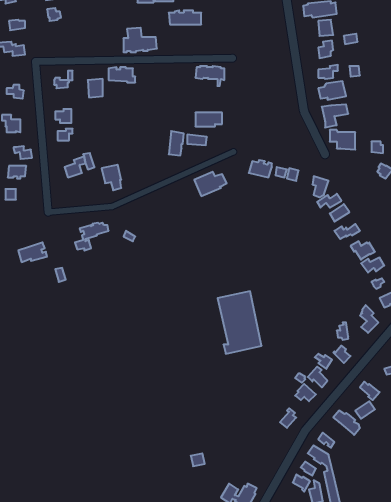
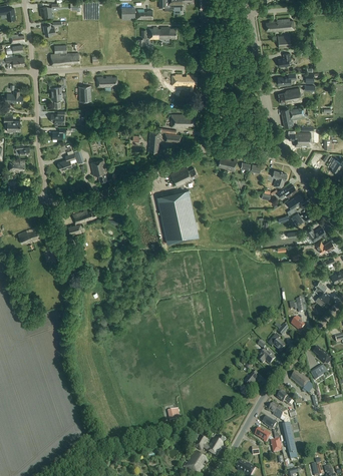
building: [123,28,157,52] -> [50,44,79,65]
building: [218,291,262,354] -> [159,189,198,244]

